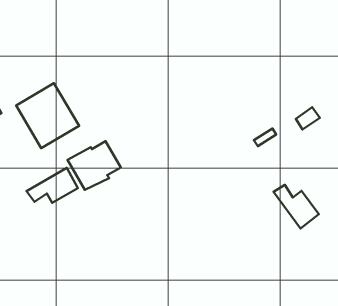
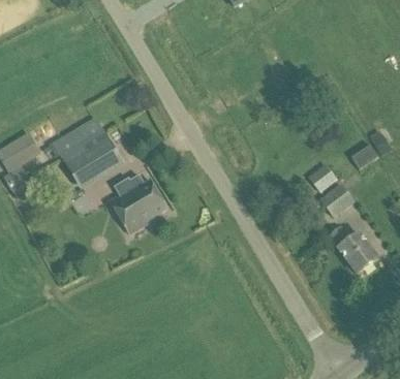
building: none -> [319,183,356,217]
building: [27,168,78,203] -> none

